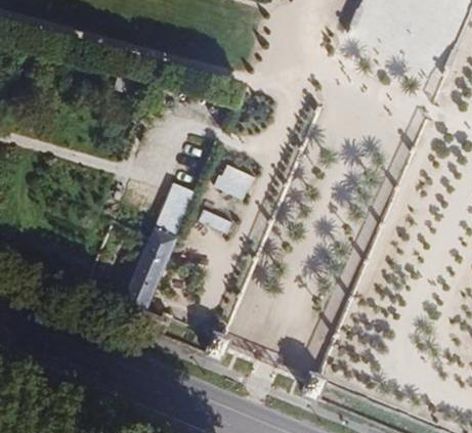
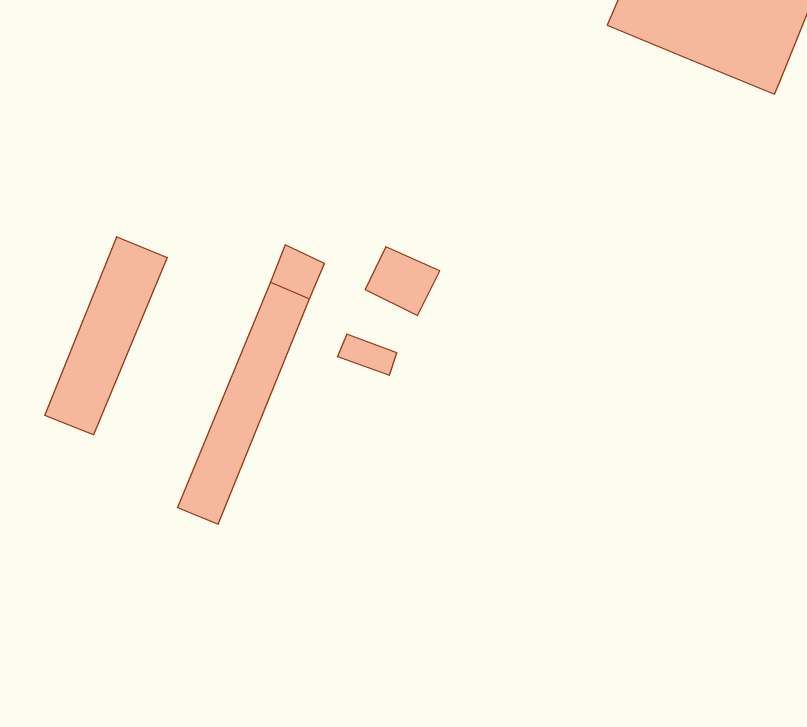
building: none -> [45,237,167,435]

